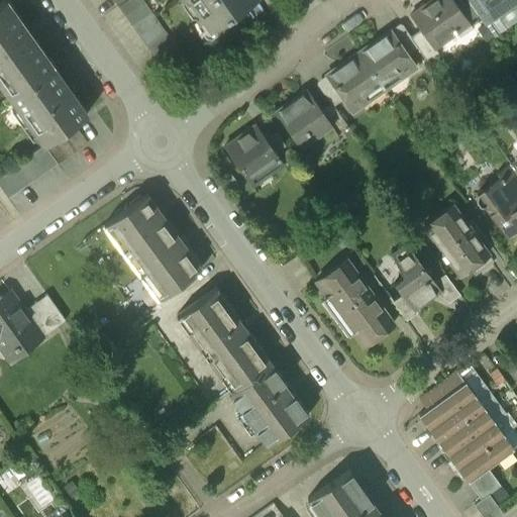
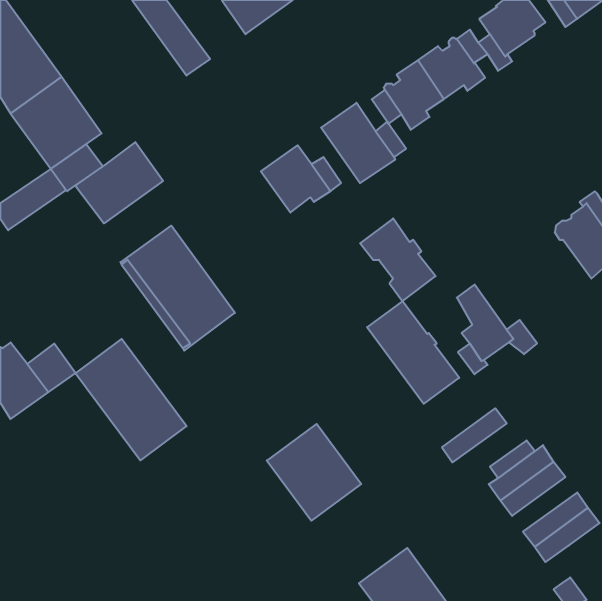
building: none -> [76,142,163,223]
building: [424,206,489,277] -> [360,218,436,301]
building: [177,290,272,394] -> [76,339,187,460]
building: [439,410,495,456] -> [442,408,507,462]
building: [468,469,501,501] -> none

